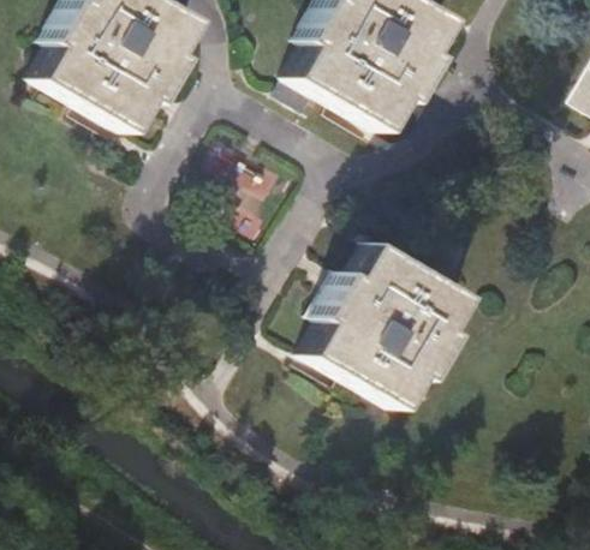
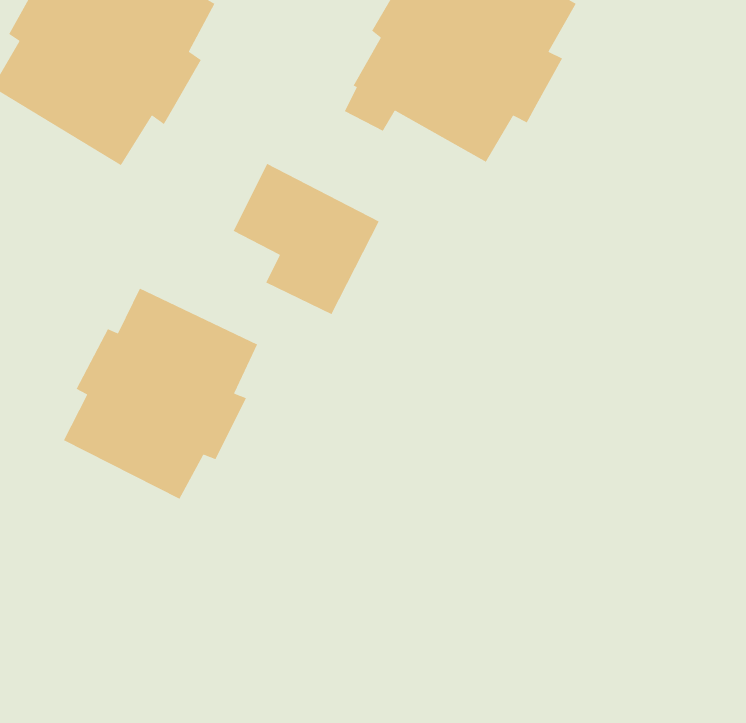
building: none -> [63,288,258,500]
building: [314,244,475,409] -> none

